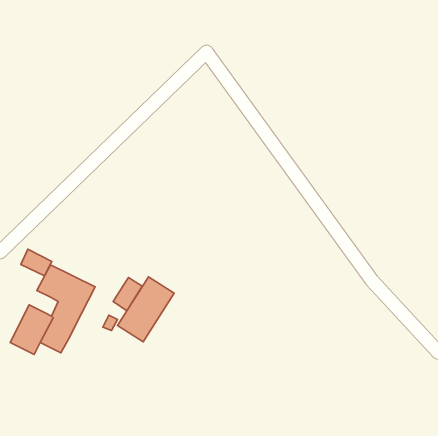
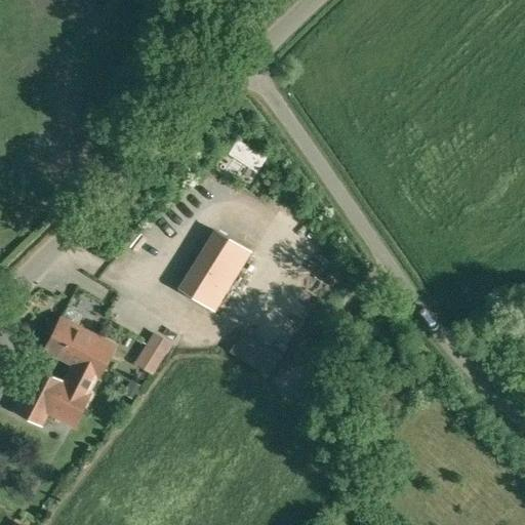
building: [21,249,52,276] -> none
building: [118,277,174,342] -> [185,236,252,314]

